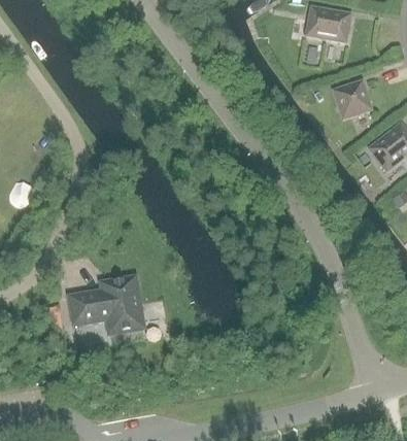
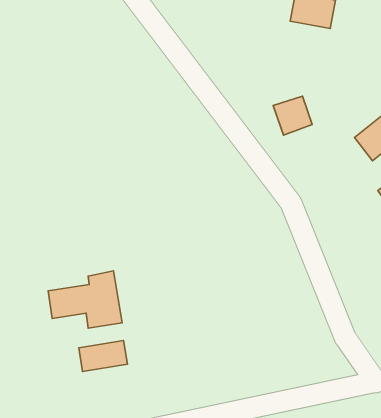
building: [333,80,371,118] -> [273,96,312,135]
building: none -> [79,341,127,371]

